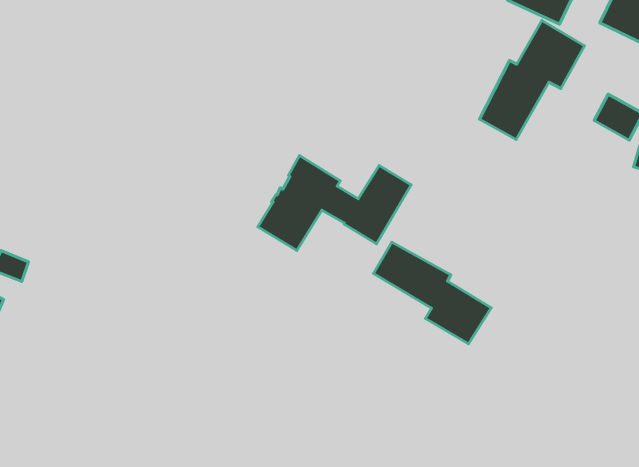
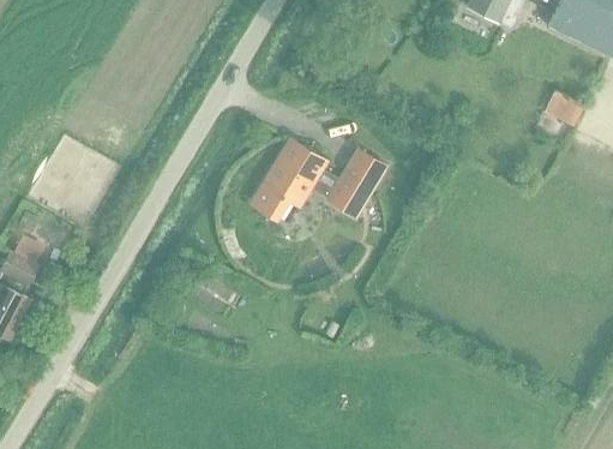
building: [479,21,585,140] -> none
building: [374,242,491,344] -> none

